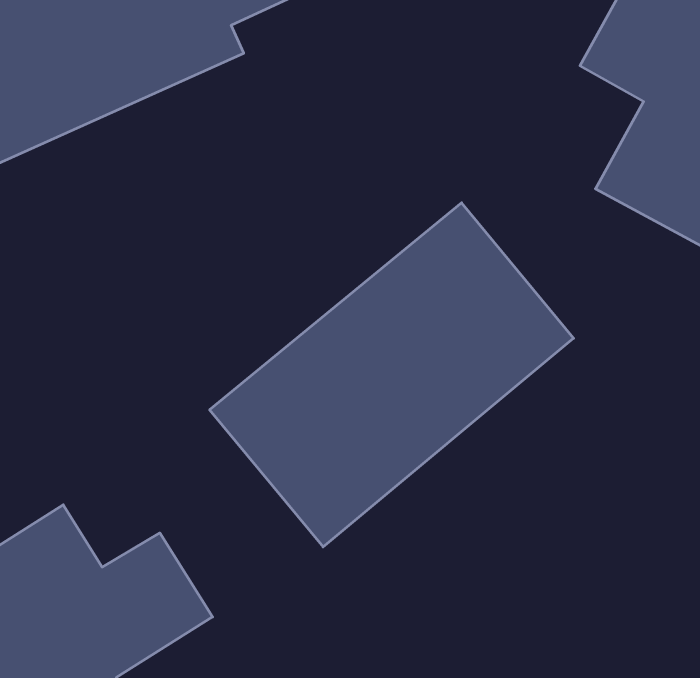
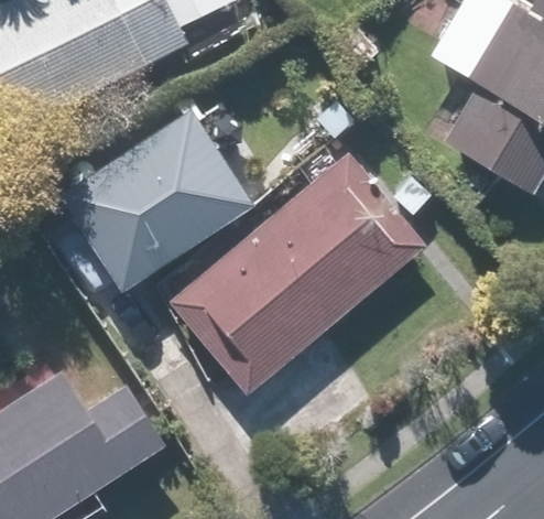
building: none -> [59,107,255,293]

